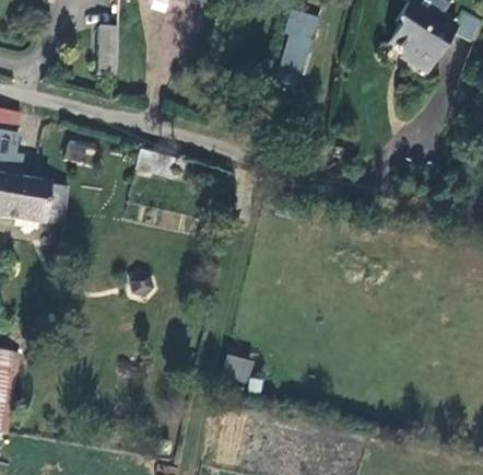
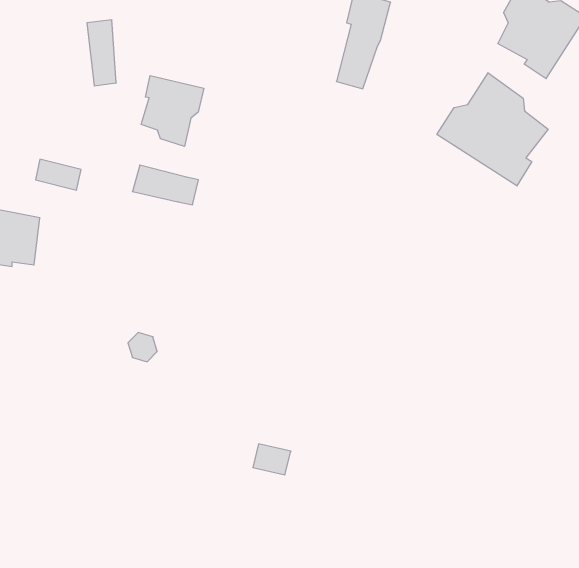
building: none -> [437,73,548,186]
building: none -> [141,76,204,146]

